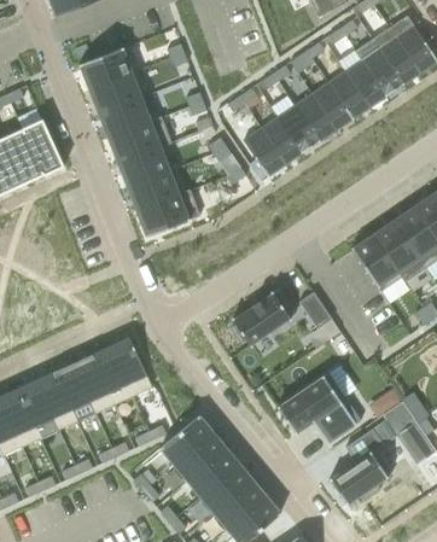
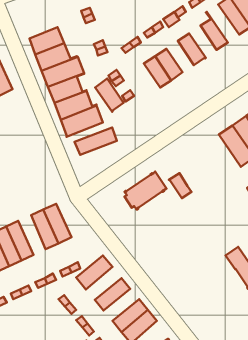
building: [355,39,403,95] -> none
building: [80,47,132,89] -> none
building: [328,70,369,117] -> none
building: [295,93,336,140] -> none
building: [243,127,285,176] -> [95,79,123,112]
building: none -> [74,128,117,155]
building: [351,233,406,291] -> none
building: [72,354,113,413] -> none
building: [276,372,361,443] -> none
building: [330,427,392,505] -> none
building: [174,431,227,480] -> none
building: [200,464,254,512] -> none

